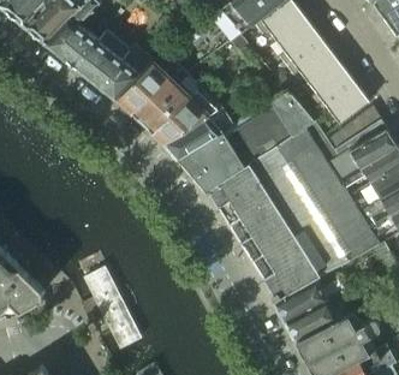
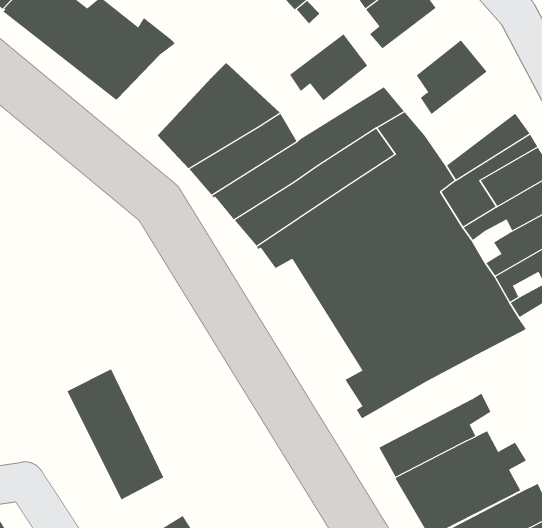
building: [286,41,337,84] -> [289,33,368,101]
building: [117,64,177,123] -> none
building: [317,82,369,126] -> none
building: [273,280,344,322] -> none

